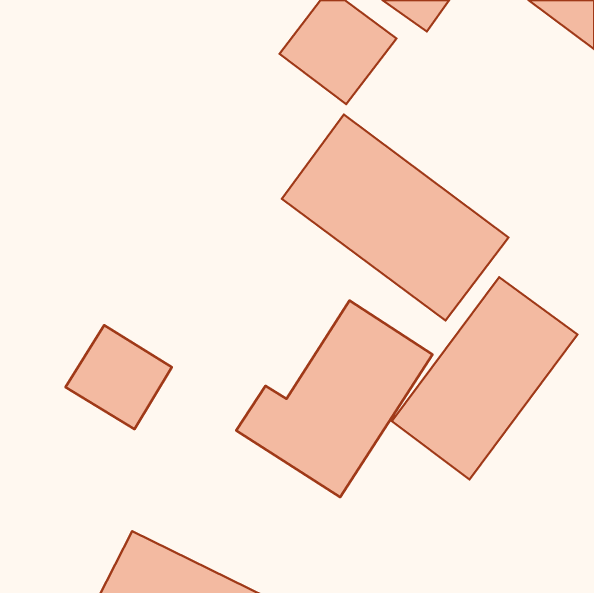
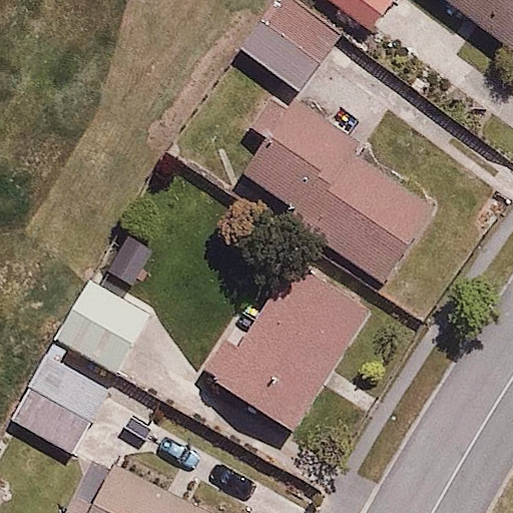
building: [392,277,577,480] -> none
building: none -> [10,361,103,453]

